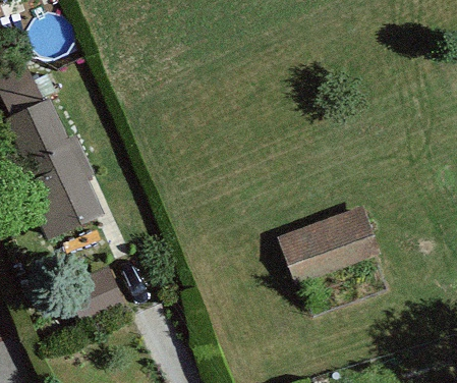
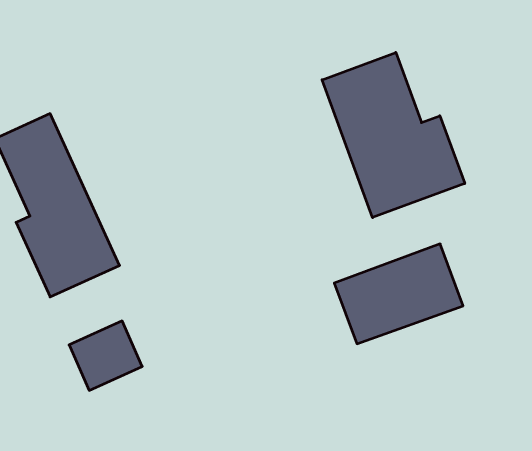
building: none -> [322,52,465,218]

